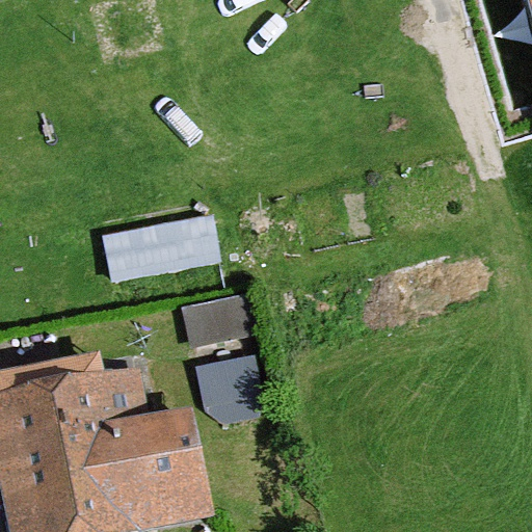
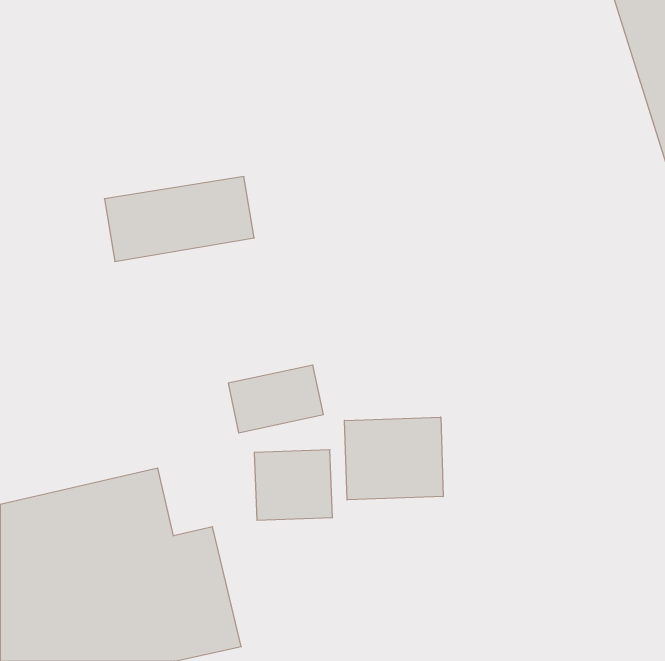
building: [105,215,224,283] -> [104,177,254,261]
building: none -> [345,417,443,500]

